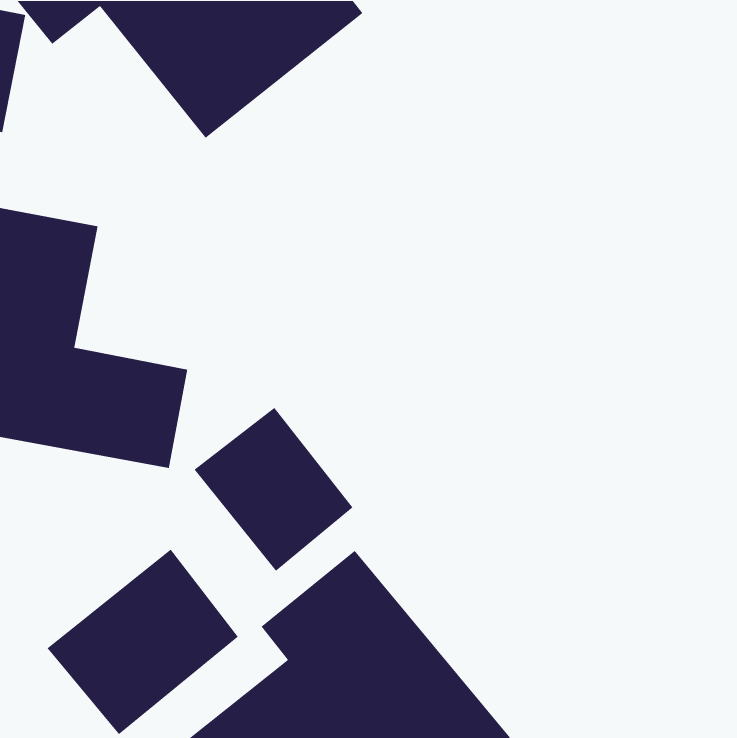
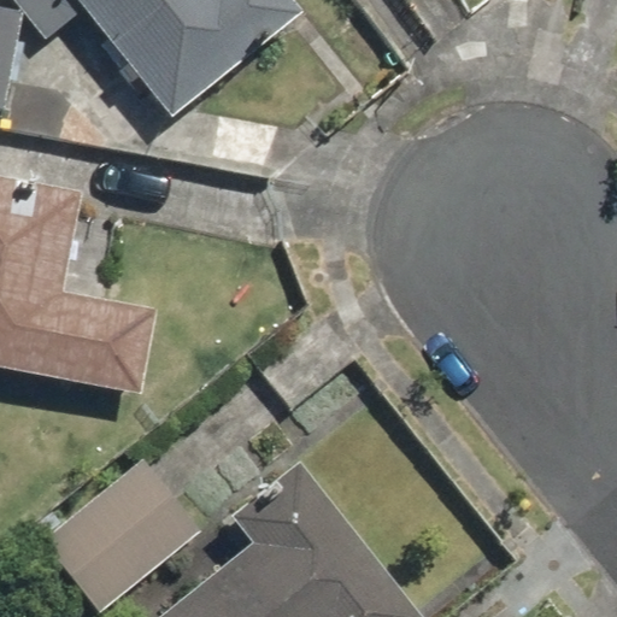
building: [194,407,353,572] -> none

